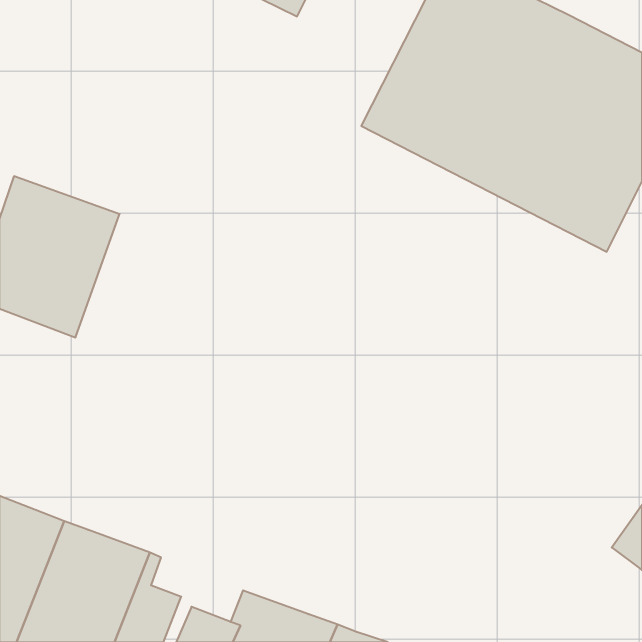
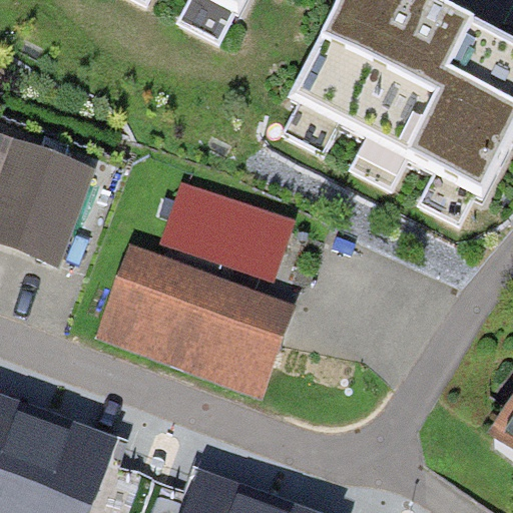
building: none -> [162,183,291,282]
building: none -> [95,245,296,399]

